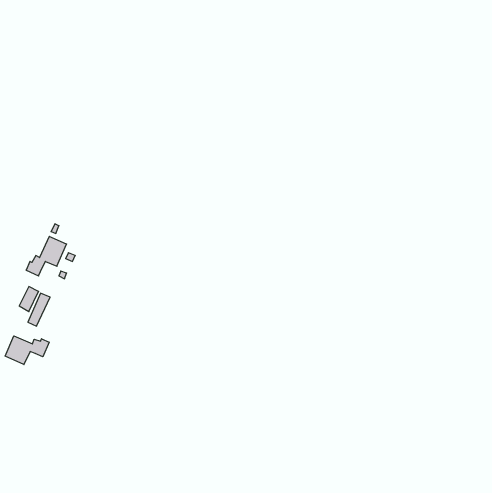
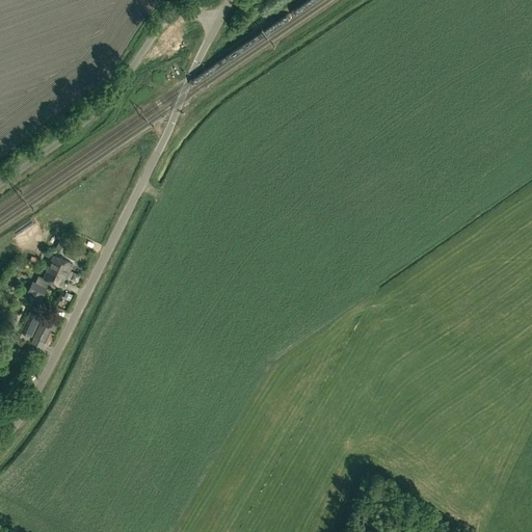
building: [5,336,49,365] -> none

